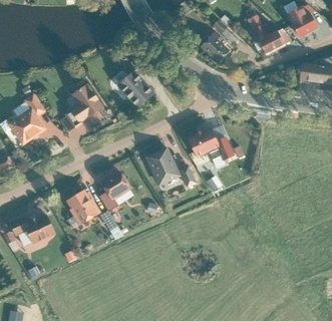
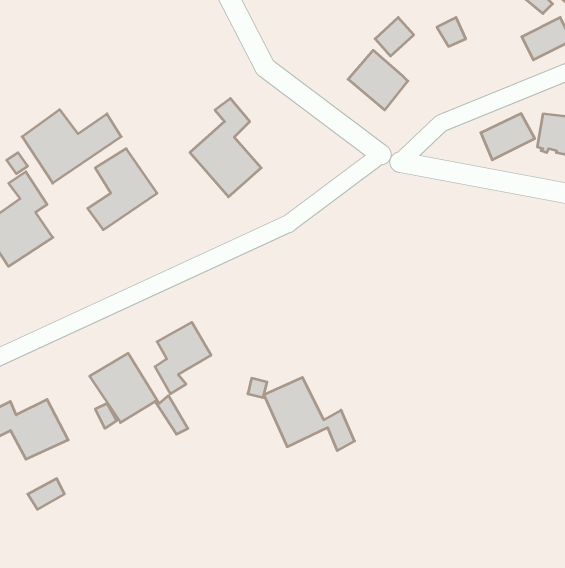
building: [257,29,285,53] -> [481,114,535,160]
building: none -> [22,110,121,183]
building: [188,128,234,158] -> none
building: [147,148,195,187] -> [264,377,355,451]

